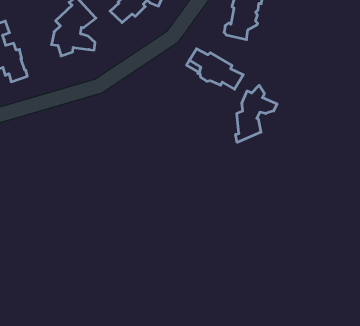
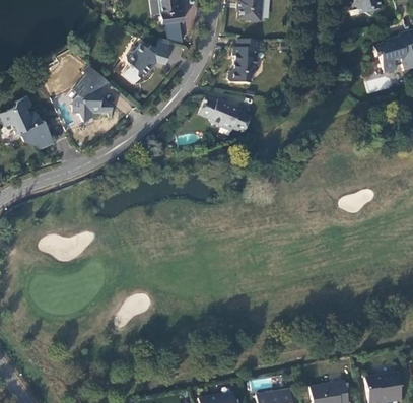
building: [236,85,277,142] -> none

